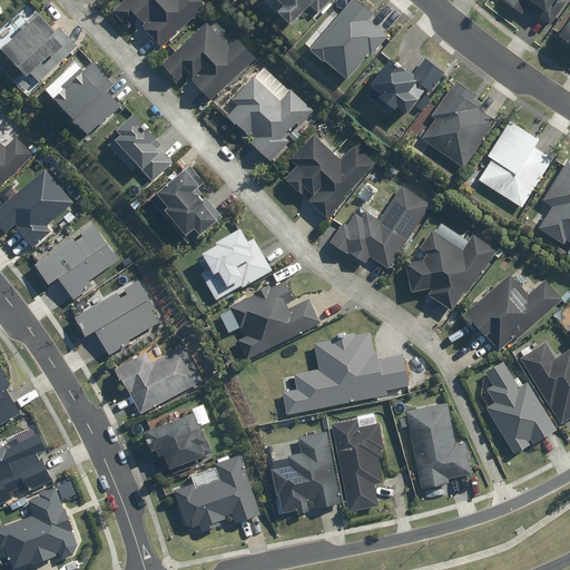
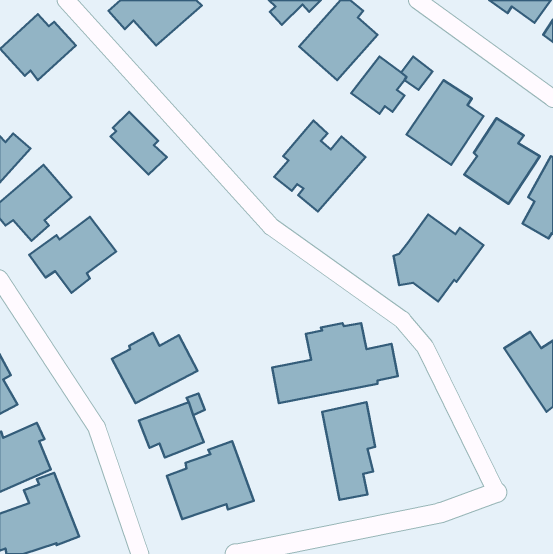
building: [161,23,256,100] -> none
building: [45,61,121,137] -> none
building: [225,66,314,163] -> none
building: [150,165,222,245] -> none
building: [330,186,430,271] -> none
building: [198,228,271,301] -> none
building: [461,273,562,353] -> none
building: [72,278,159,356] -> none
building: [219,281,320,362] -> none
building: [485,361,557,455] -> none
building: [404,402,472,490] -> none
building: [266,431,340,514] -> none

